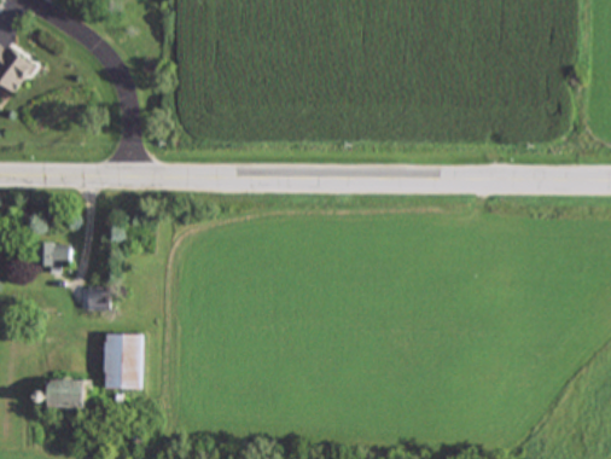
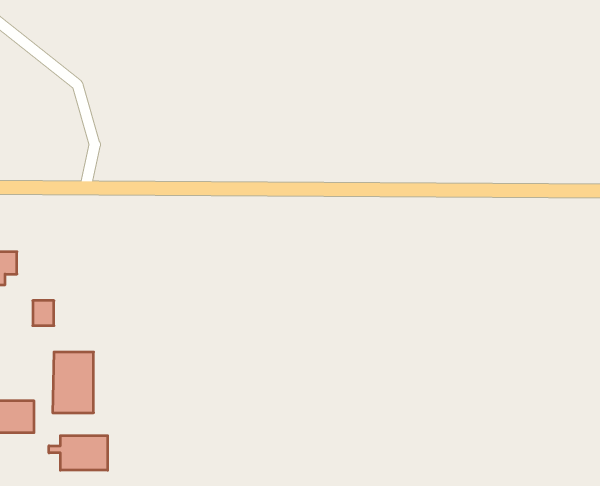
building: none -> [49,436,108,470]

